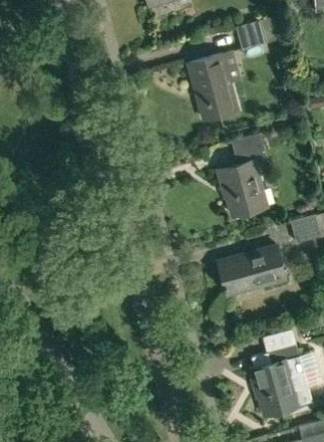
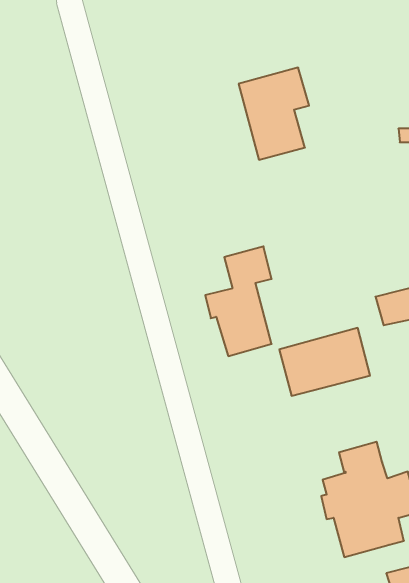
building: [236,20,267,49] -> none
building: [218,134,267,215] -> [205,246,272,356]

